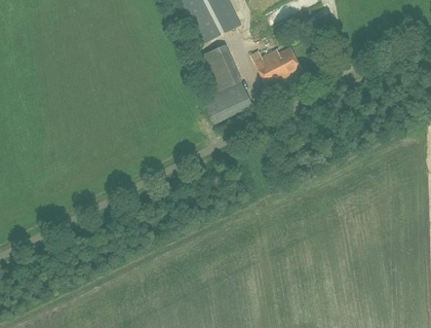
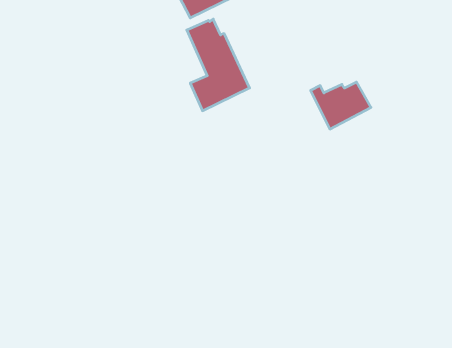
building: [249,47,301,87] -> [311,82,371,129]

